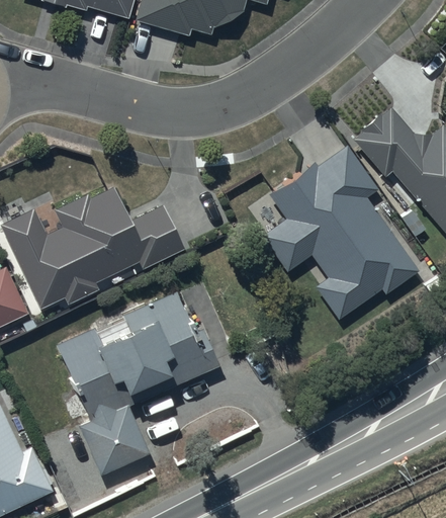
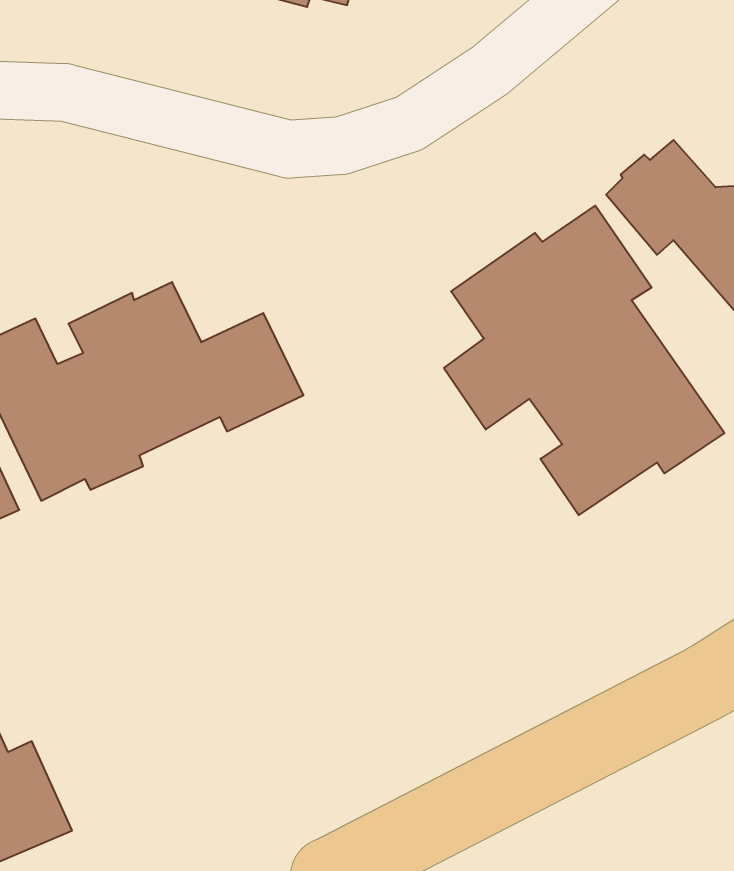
building: [56,291,219,474] -> none

